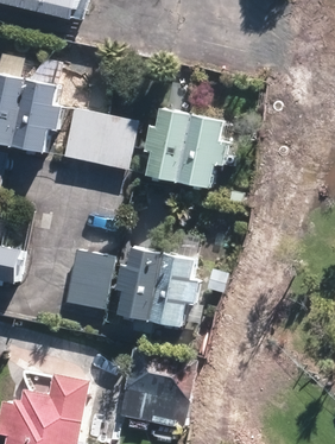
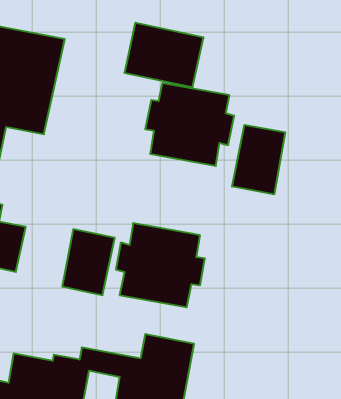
building: [59,109,137,172] -> [124,23,204,87]
building: none -> [232,125,285,194]

